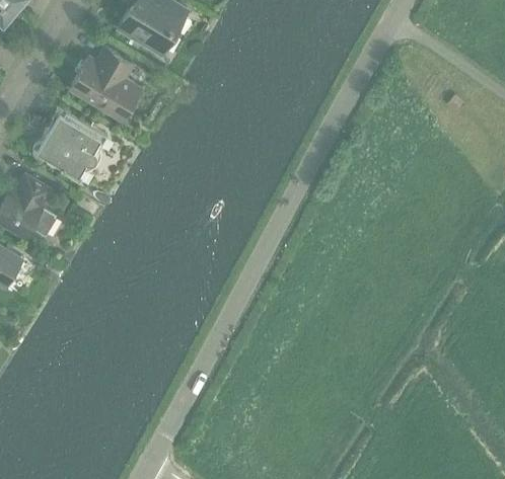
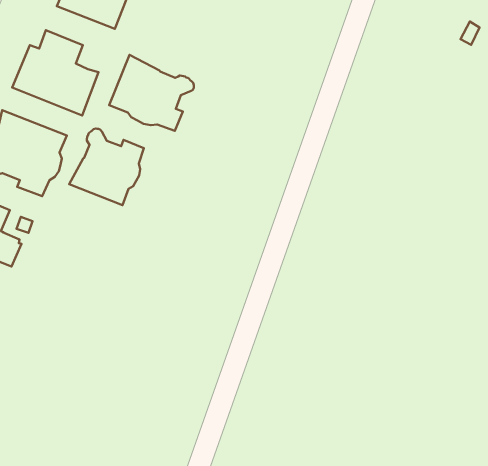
building: none -> [109,55,194,131]
building: none -> [69,129,144,205]

